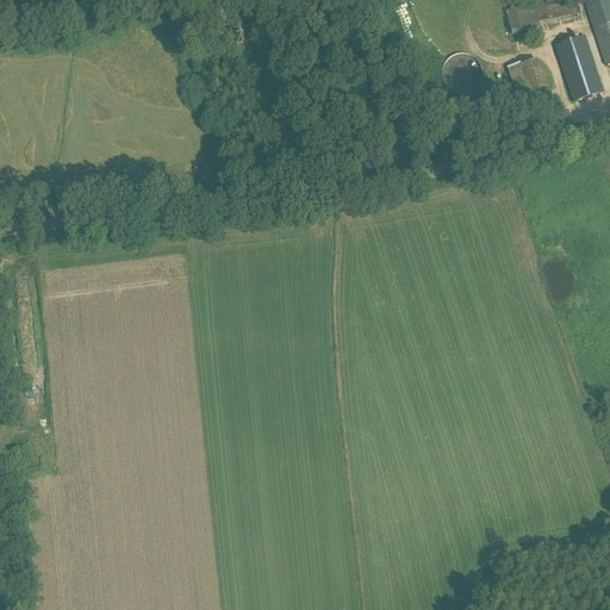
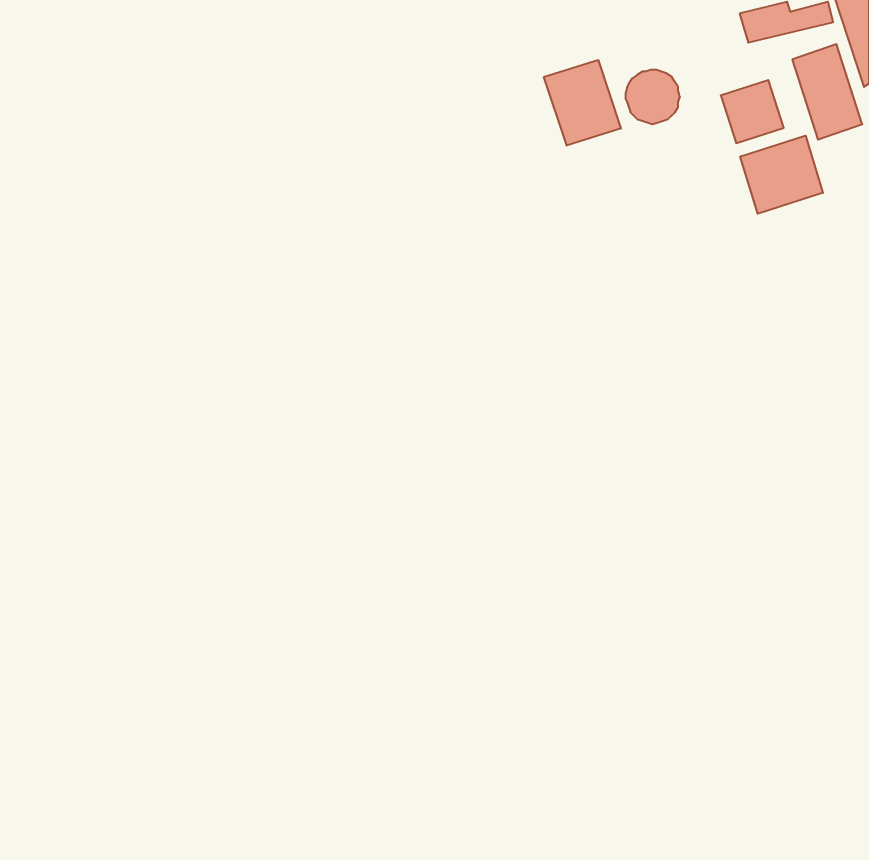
building: none -> [544,60,621,146]
building: none -> [740,136,823,214]

